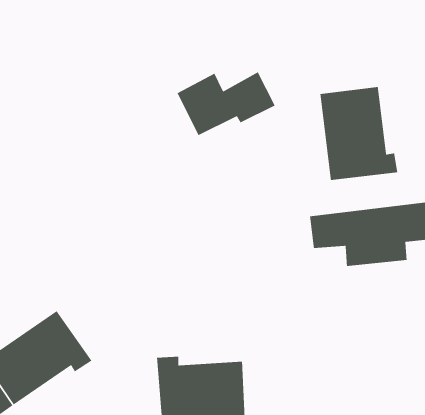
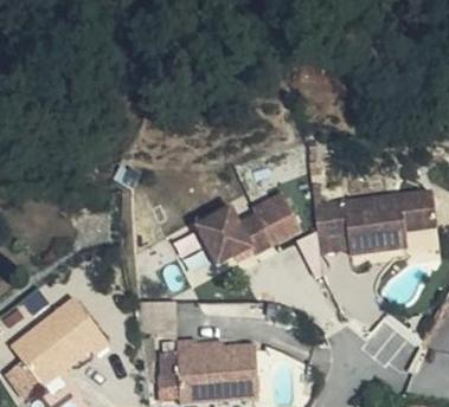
building: [176,71,276,136] -> [199,204,291,264]
building: [320,86,398,181] -> none

